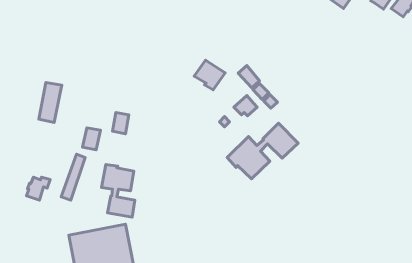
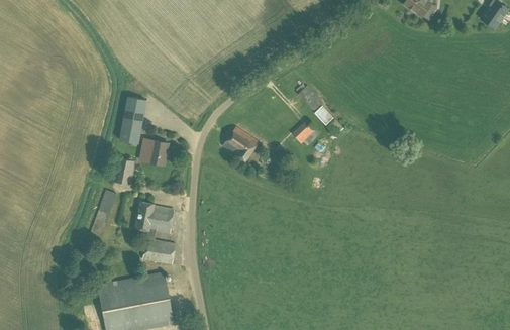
building: [194,60,225,90] -> [222,127,259,162]
building: [39,83,62,123] -> [119,97,146,144]
building: [227,123,298,179] -> none
building: [26,177,50,200] -> none

